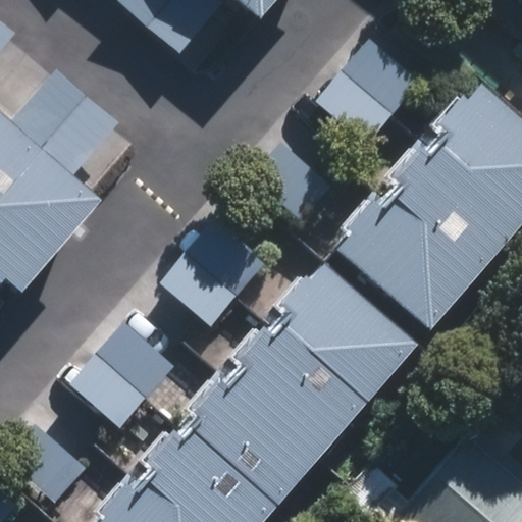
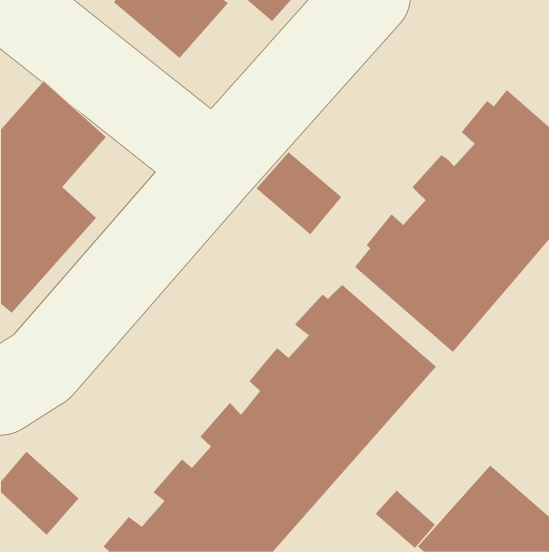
building: [311,39,417,146] -> none
building: [156,219,261,326] -> none
building: [66,320,172,427] -> none

